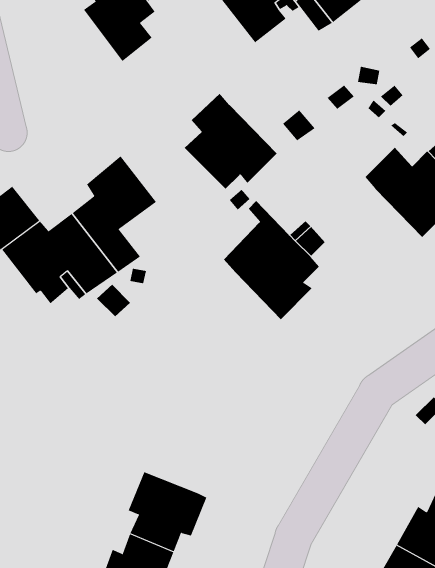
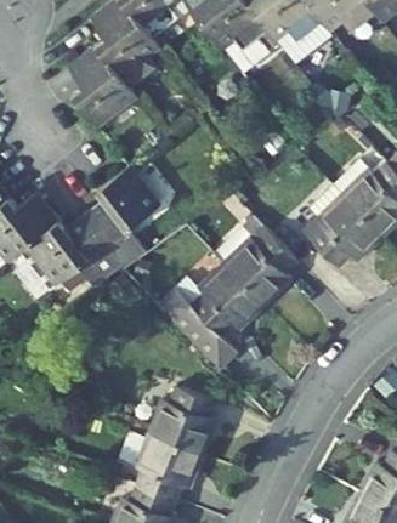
building: none -> [67,46,135,127]
building: [184,93,277,189] -> [302,187,381,268]
building: none -> [157,267,262,370]
building: none -> [147,387,214,456]

